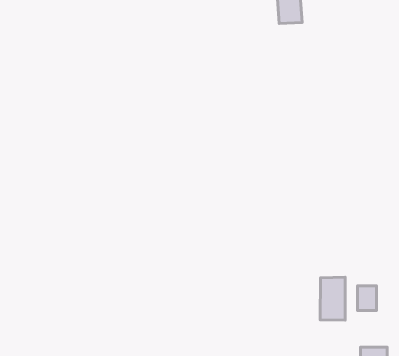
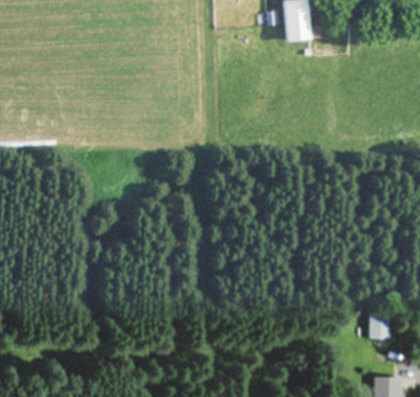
building: [320,277,345,320] -> none

